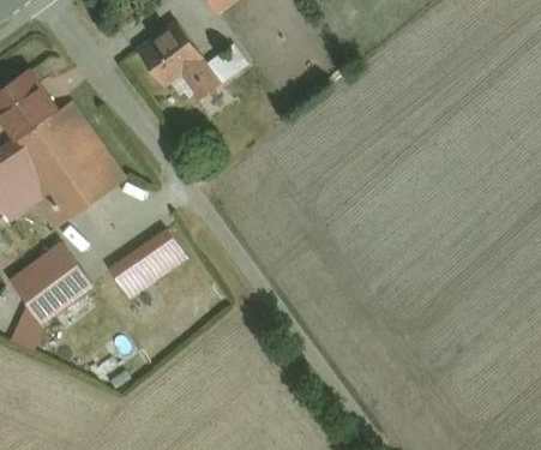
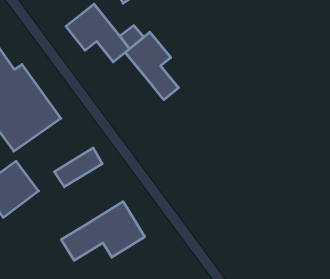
building: none -> [125,32,179,100]
building: none -> [61,202,145,260]

